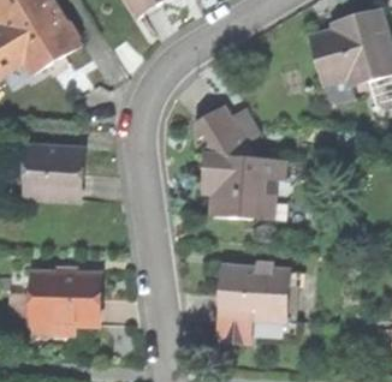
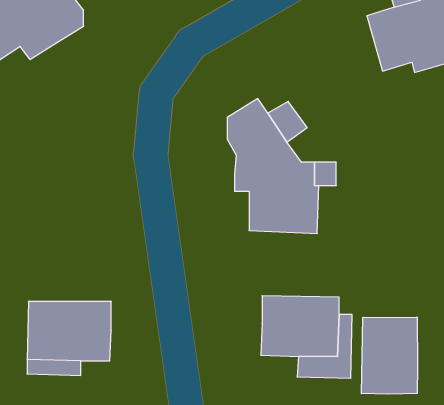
building: [26,147,82,201] -> none
building: none -> [361,317,418,394]

